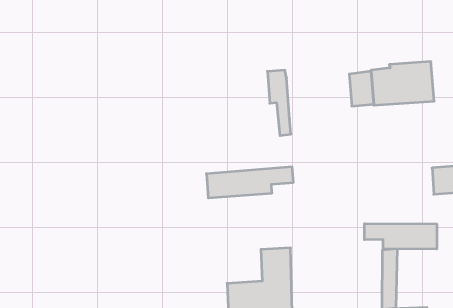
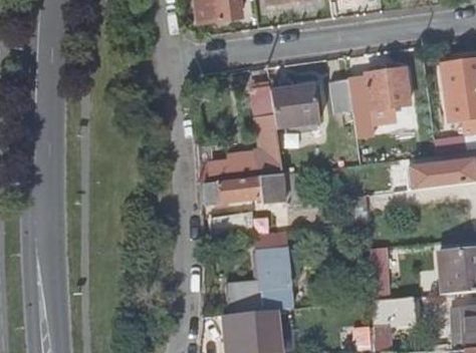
building: none -> [272,88,318,130]
building: none -> [198,154,283,186]
building: [364,224,437,249] -> none

